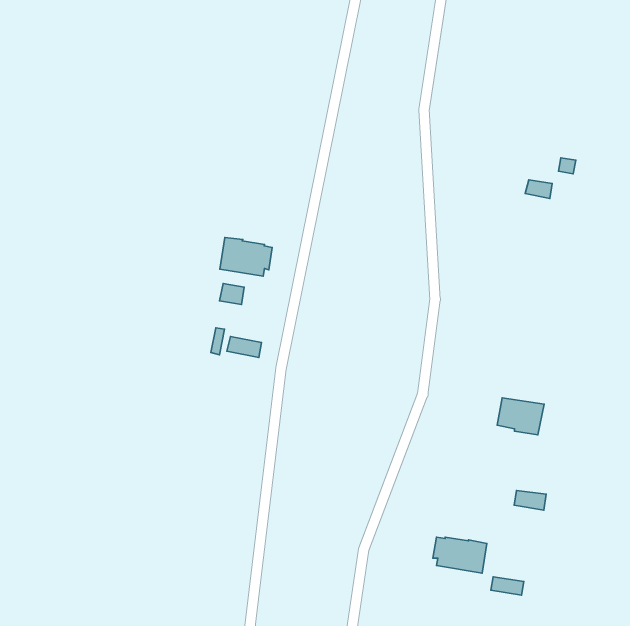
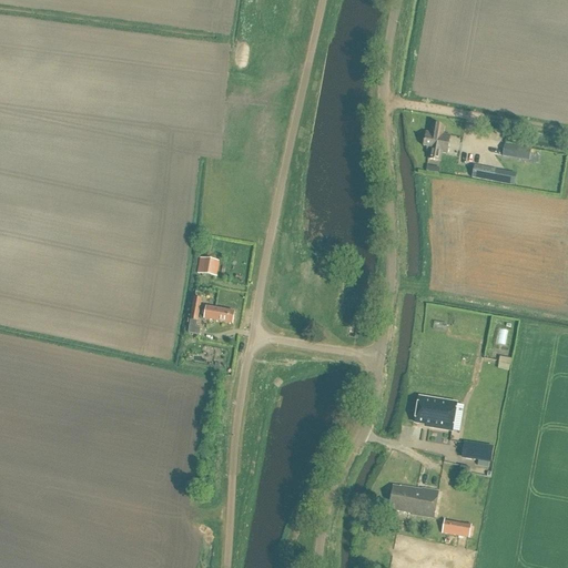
building: none -> [424,120,450,158]
building: [220,237,272,276] -> none
building: [497,398,544,435] -> [415,396,457,429]

